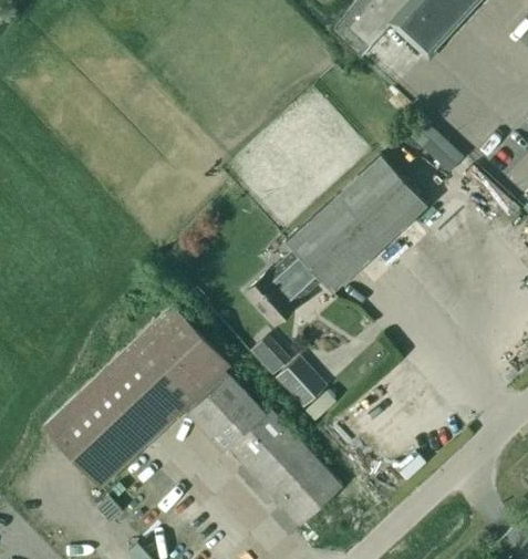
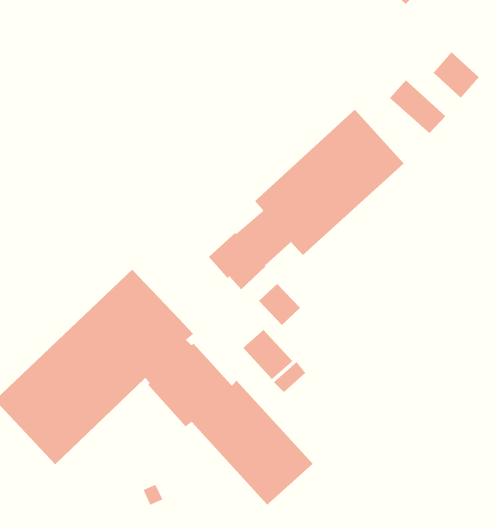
building: none -> [433,52,480,98]
building: [251,334,291,374] -> [258,283,301,326]

